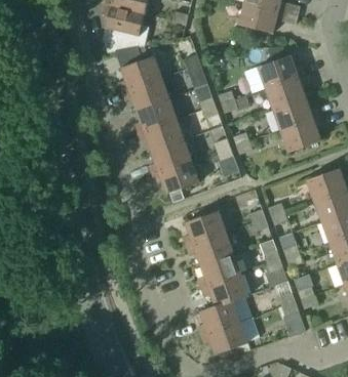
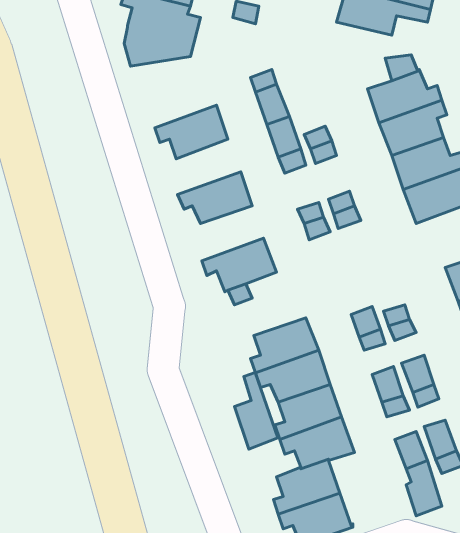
building: [118,55,161,91] -> none
building: [133,98,177,133] -> none
building: [149,140,191,175] -> none
building: none -> [235,373,278,449]

